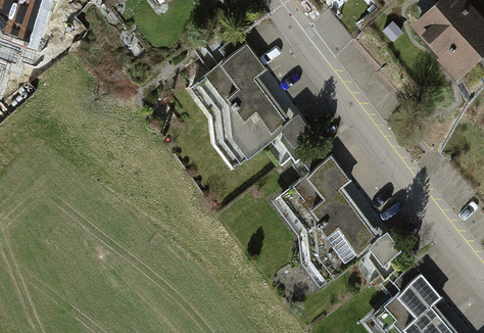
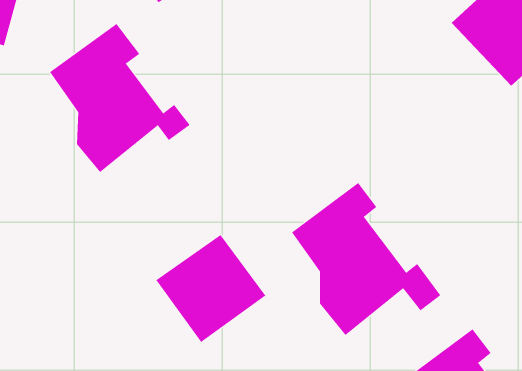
building: [192,44,309,169] -> [49,23,191,173]
building: none -> [156,234,266,343]

